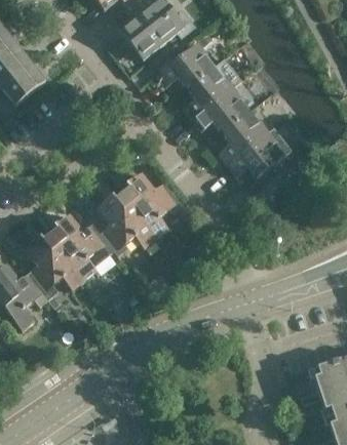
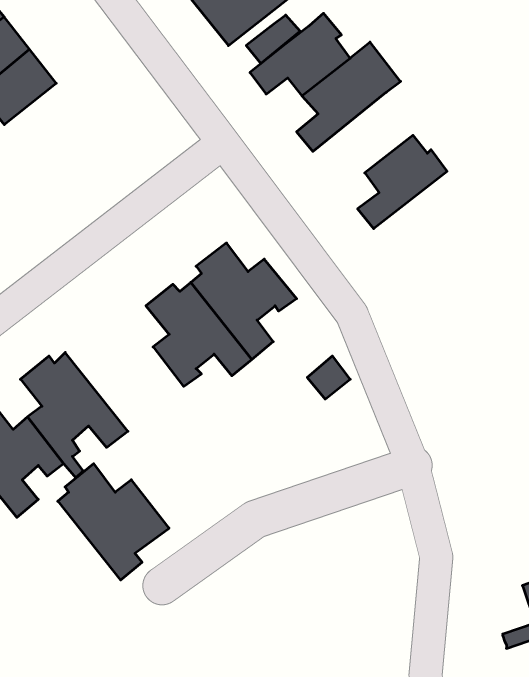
building: [192,86,249,132] -> none
building: [227,131,284,177] -> none
building: [50,213,114,280] -> [58,464,169,580]

